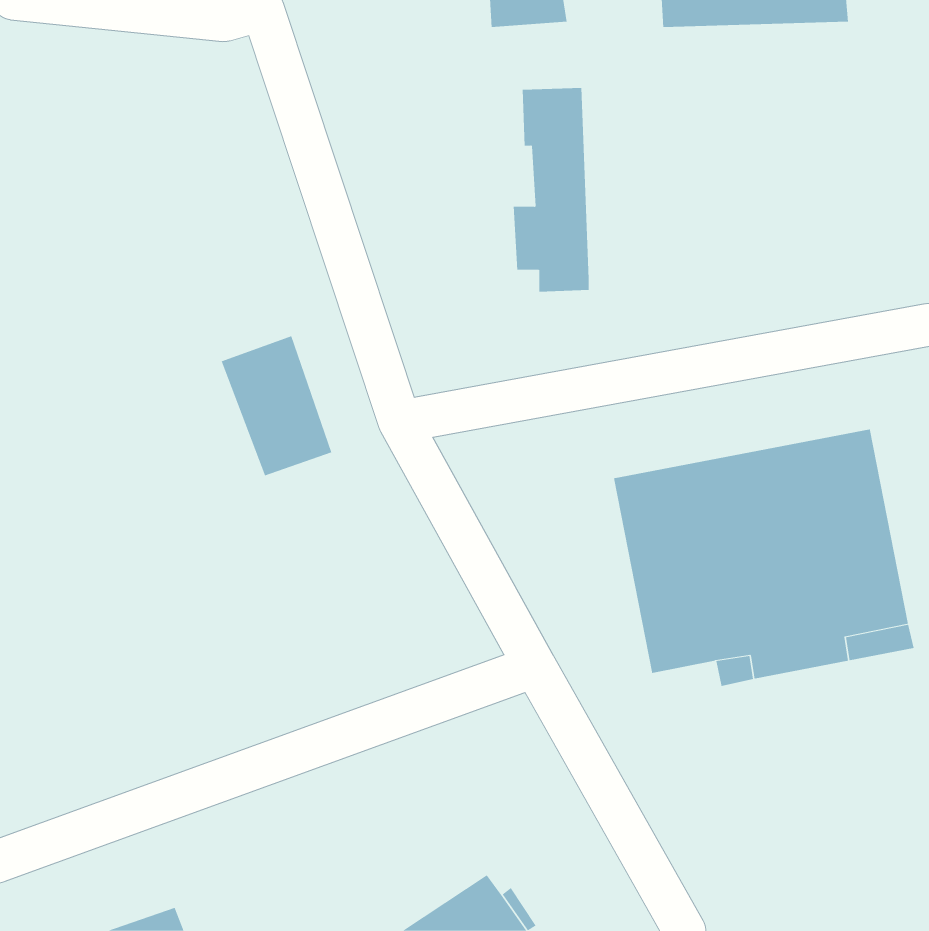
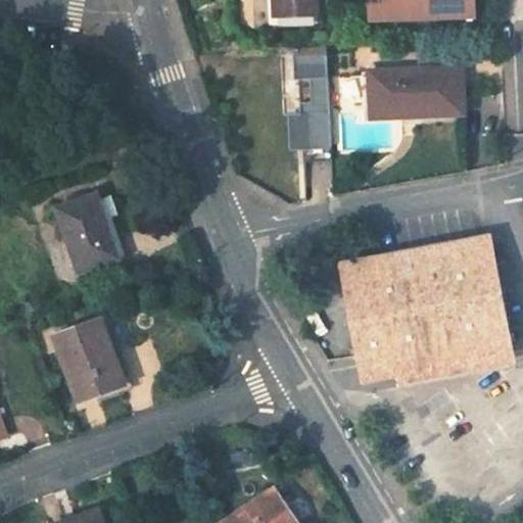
building: none -> [370,66,464,115]
building: [221,336,332,476] -> [54,193,116,272]
building: none -> [56,320,117,401]

